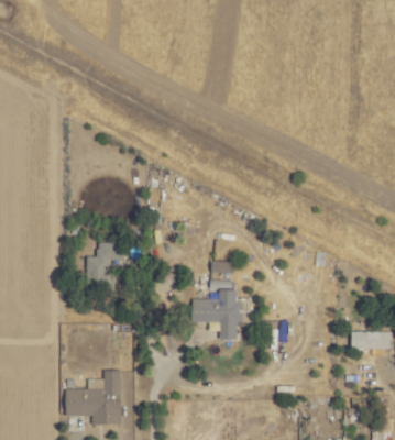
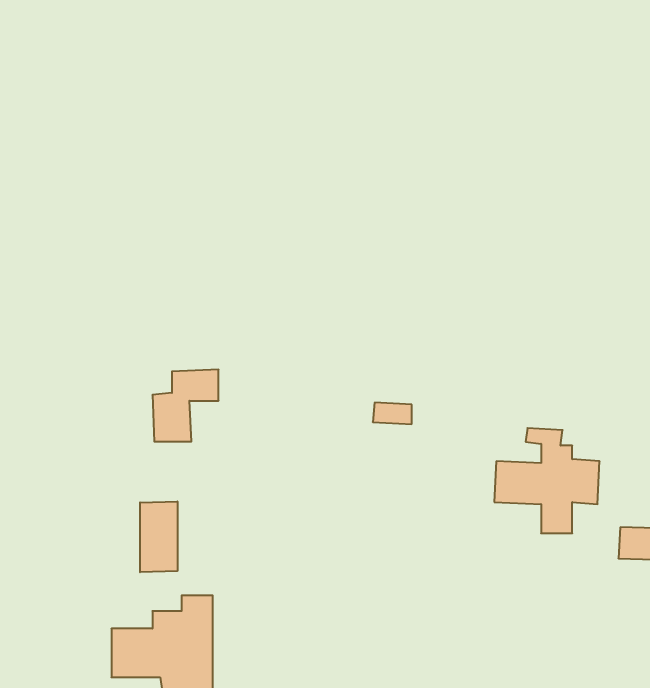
building: [194,279,253,339] -> [494,428,600,533]
building: none -> [140,501,177,572]

